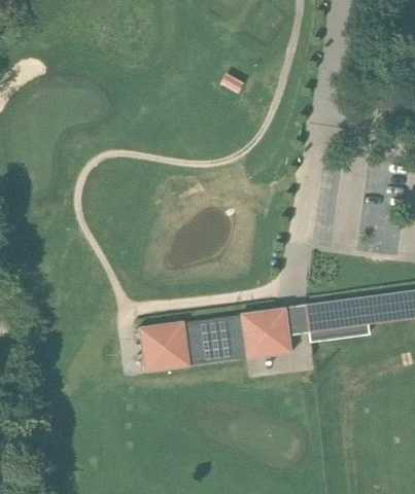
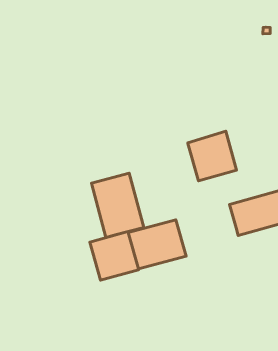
building: none -> [91,173,144,238]
building: [242,306,293,358] -> [188,131,237,181]

